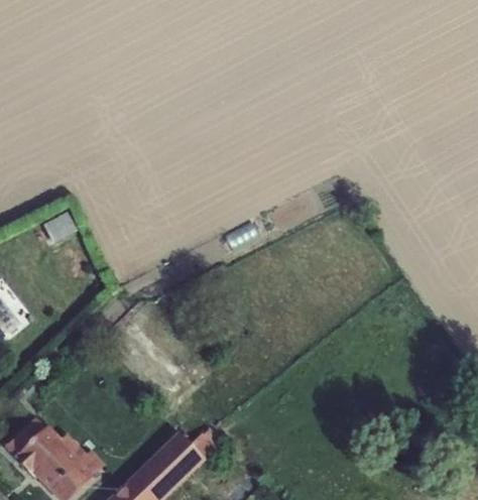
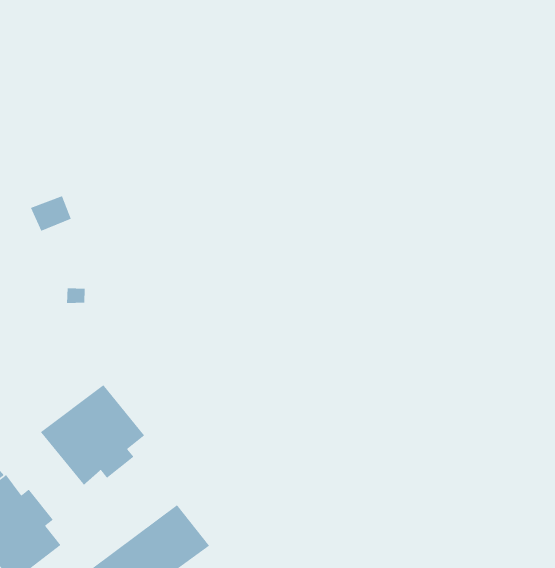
building: none -> [39,384,145,486]

